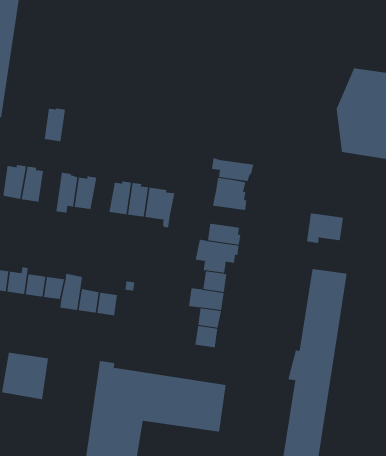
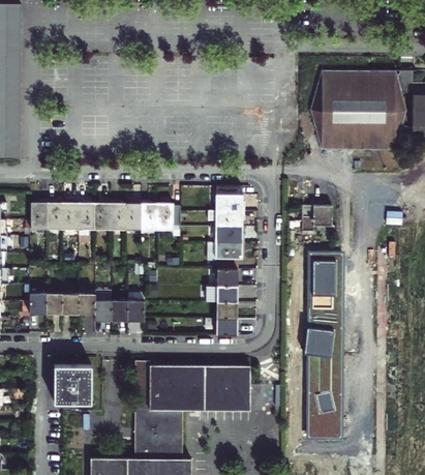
building: [44,108,66,142] -> [63,201,79,230]
building: [211,157,254,181] -> [208,210,245,227]
building: none -> [110,201,126,230]

